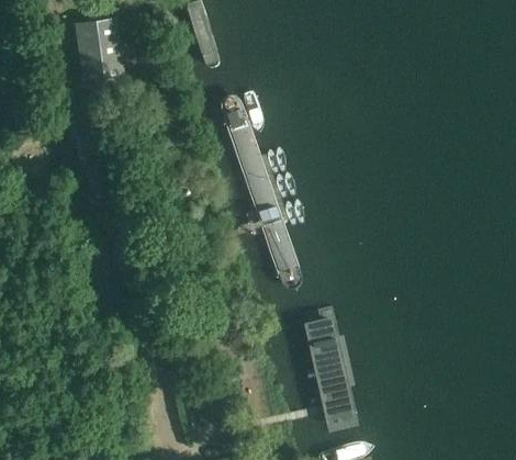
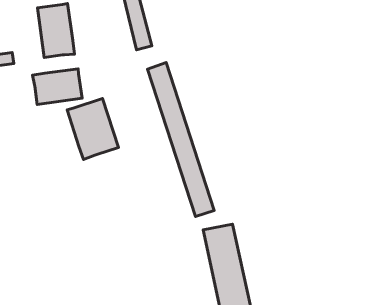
building: none -> [33,69,82,104]
building: none -> [67,98,118,160]

